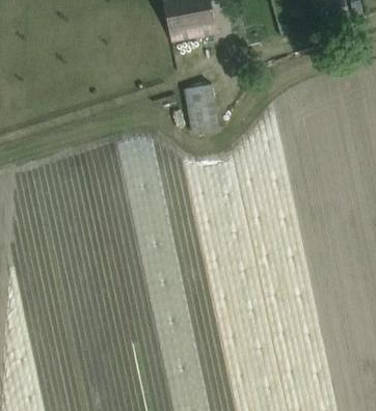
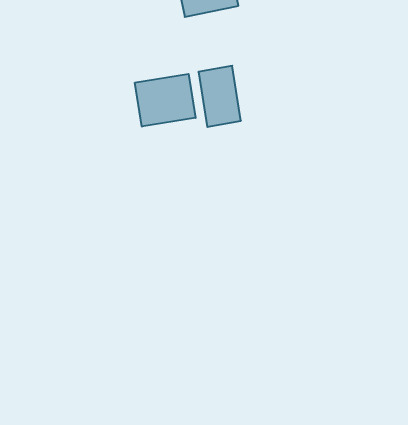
building: none -> [135,74,196,127]

